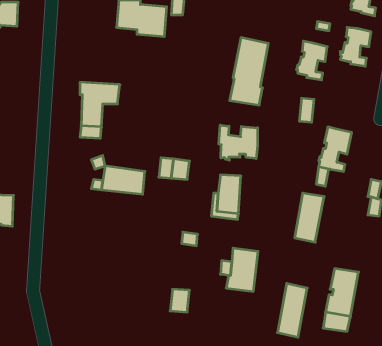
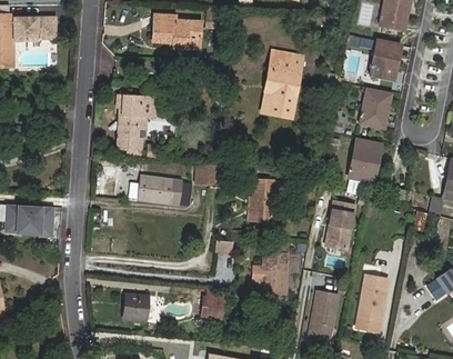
building: [296,41,327,80] -> [360,89,390,127]
building: [219,125,258,160] -> none
building: none -> [123,293,149,320]

